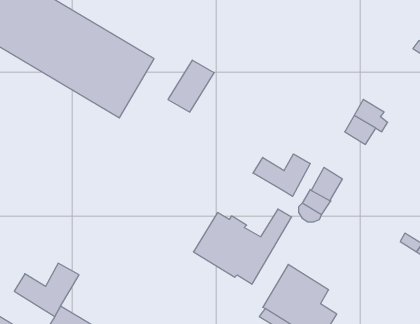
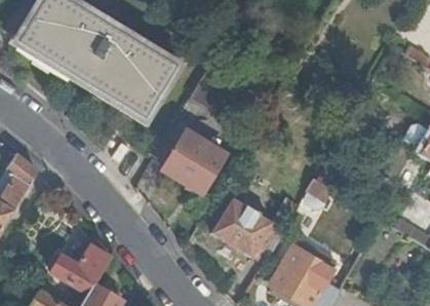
building: none -> [164,130,227,193]
building: [253,154,310,196] -> none

